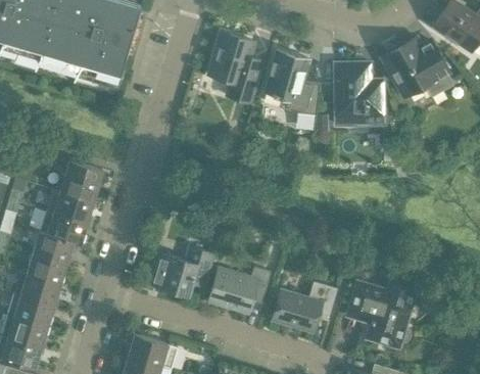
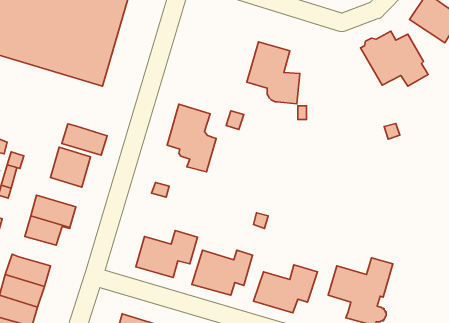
building: [209,32,260,102] -> [167,104,216,172]
building: [335,62,384,125] -> none
building: [46,189,93,222] -> [62,124,107,155]
building: [28,252,66,283] -> none

